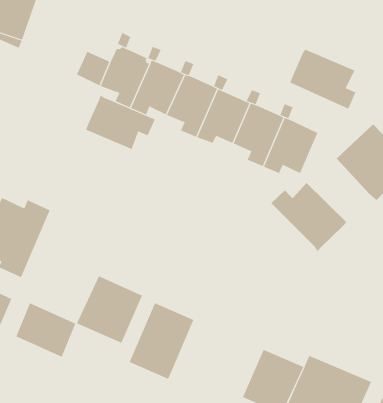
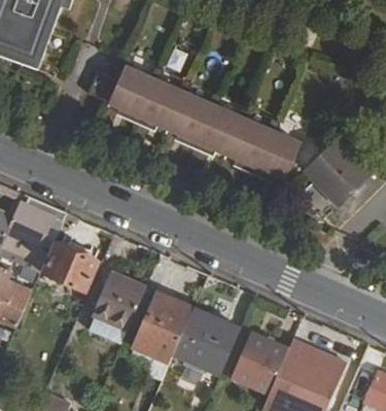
building: [290,49,356,109] -> none
building: [85,95,155,150] -> none
building: [270,182,347,252] -> none
building: [16,302,76,357] -> [47,236,101,284]
building: none -> [172,309,239,375]

